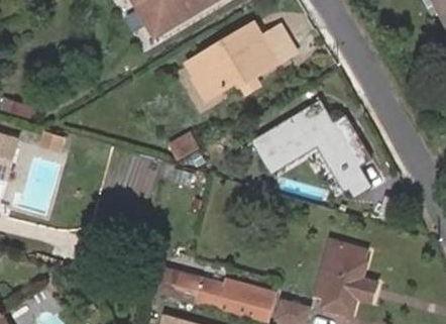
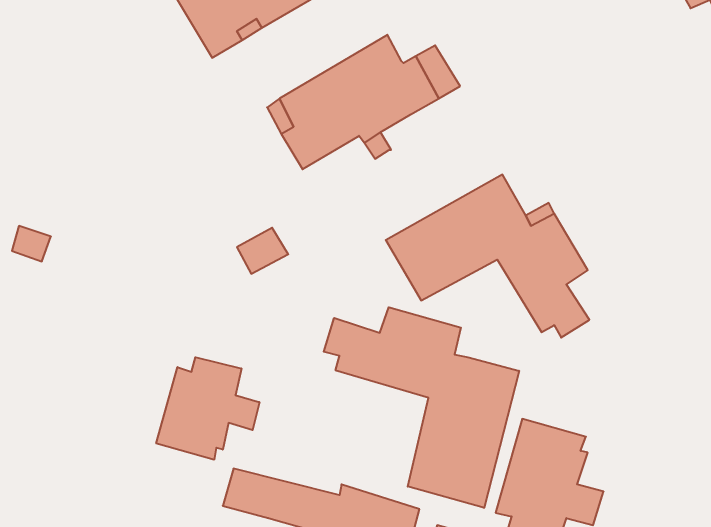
building: none -> [324,307,519,508]
building: none -> [156,357,259,460]

